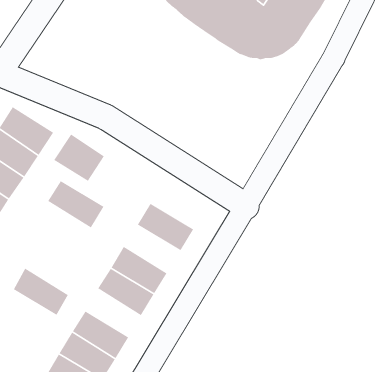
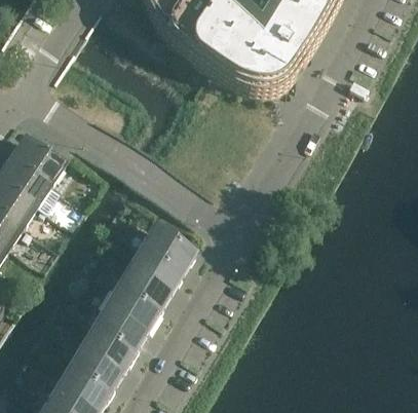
building: [53,134,105,182] -> none
building: [47,180,104,228] -> [129,242,183,288]
building: [13,267,69,316] -> [93,302,146,347]

